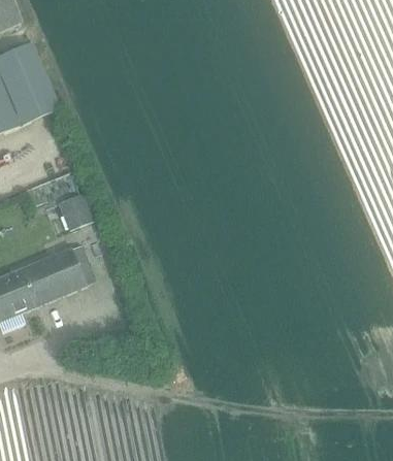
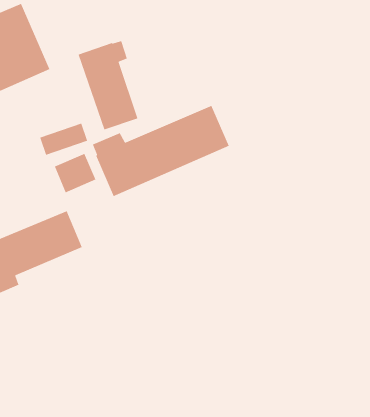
building: none -> [78,40,139,131]
building: none -> [92,105,230,197]

